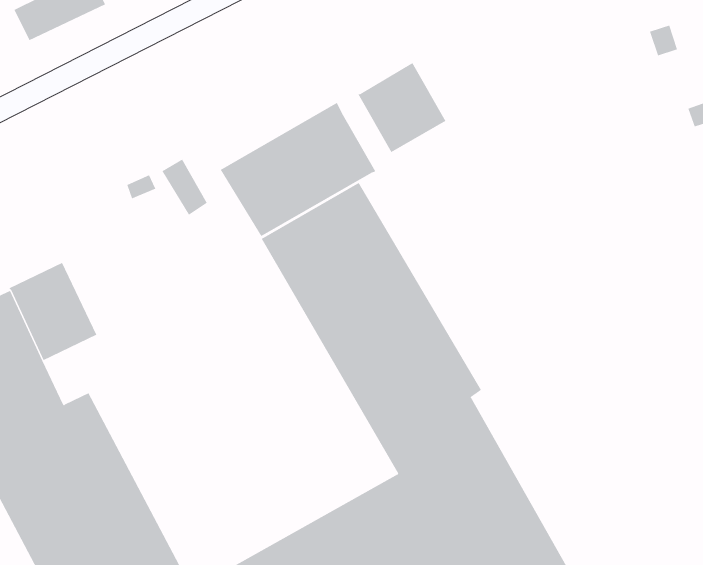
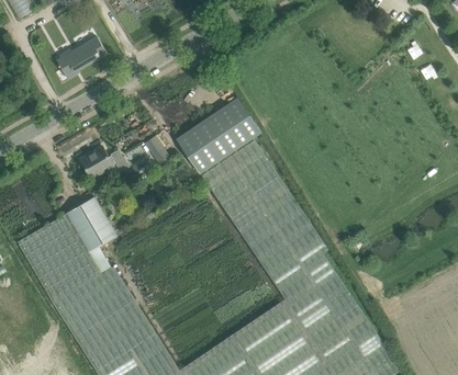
building: [358,62,446,153] -> none
building: none -> [78,148,130,179]

